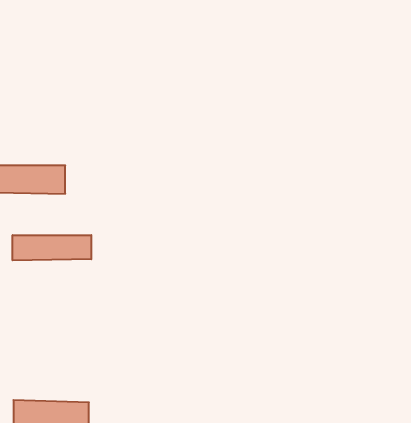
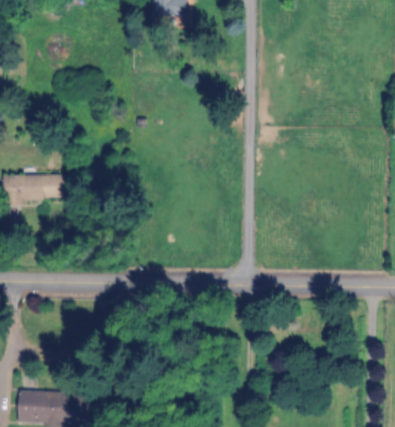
building: [13,235,91,260] -> none

